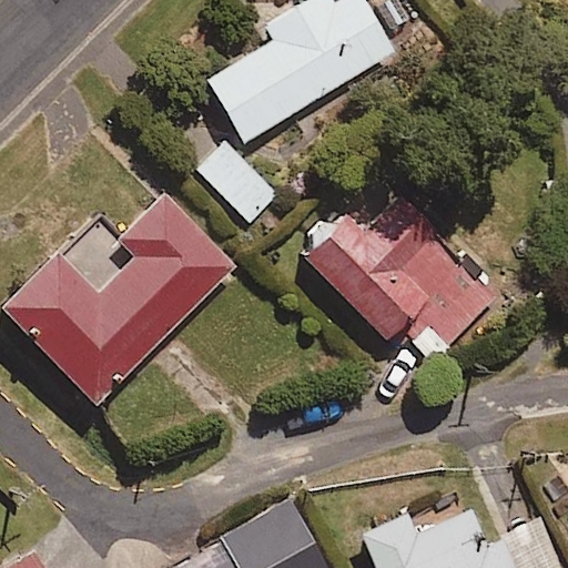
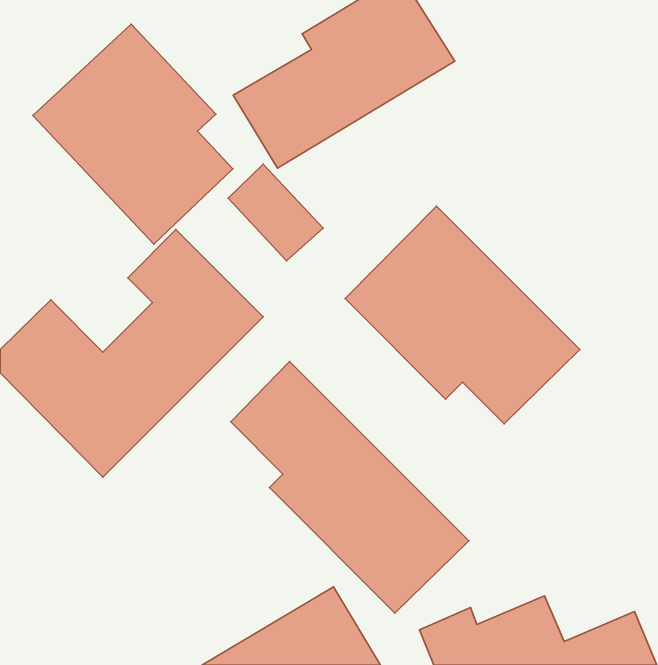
building: none -> [33,24,233,244]
building: none -> [231,362,469,613]

